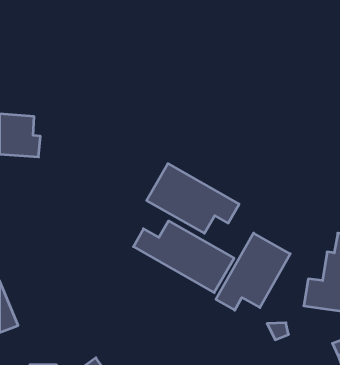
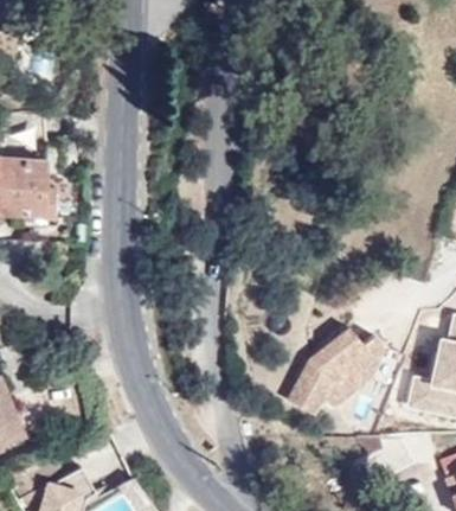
building: [147,164,239,233] -> none
building: [133,221,234,293] -> none

